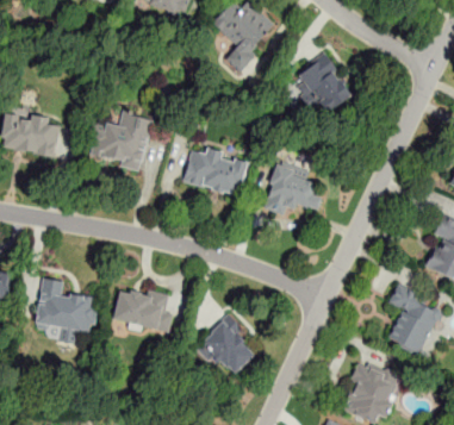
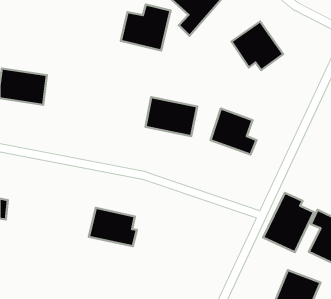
building: [91,112,153,169] -> [121,5,171,51]
building: none -> [263,193,314,252]
building: [36,280,94,333] -> none
building: [199,317,257,375] -> none

